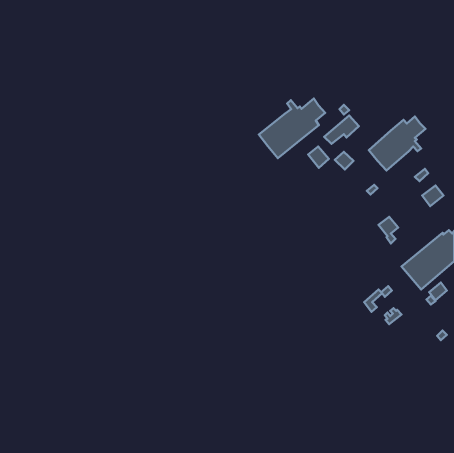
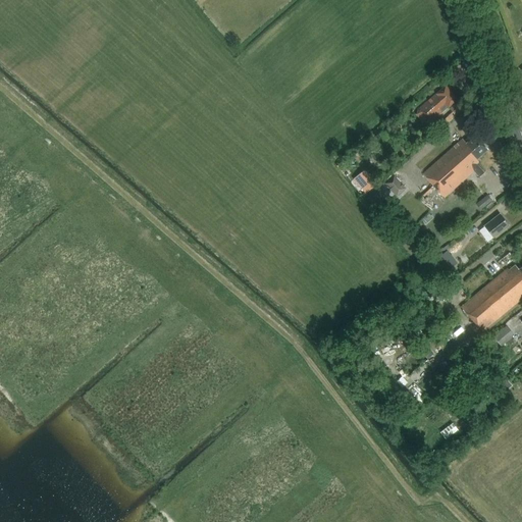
building: [259,99,325,158] -> none
building: [324,115,359,144] -> [417,86,457,118]

